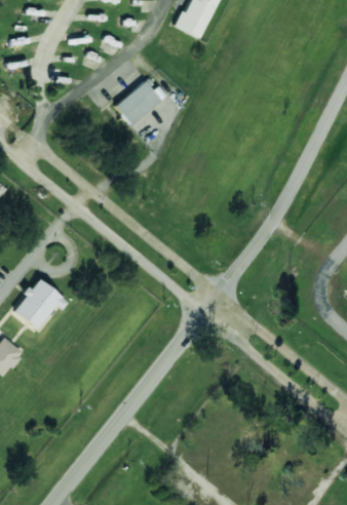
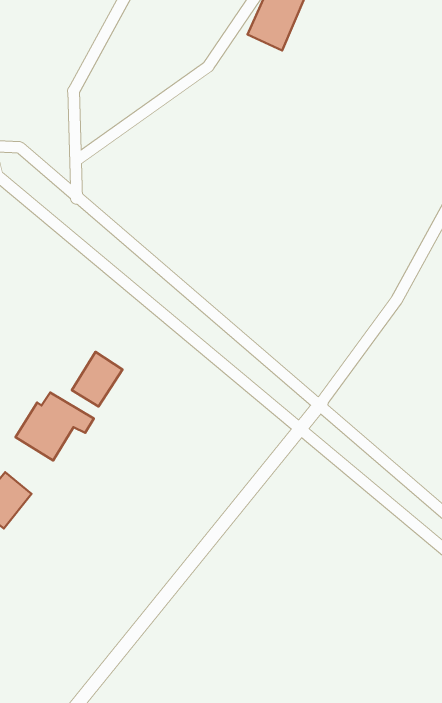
building: [115,80,167,125] -> none
building: none -> [72,352,122,407]

